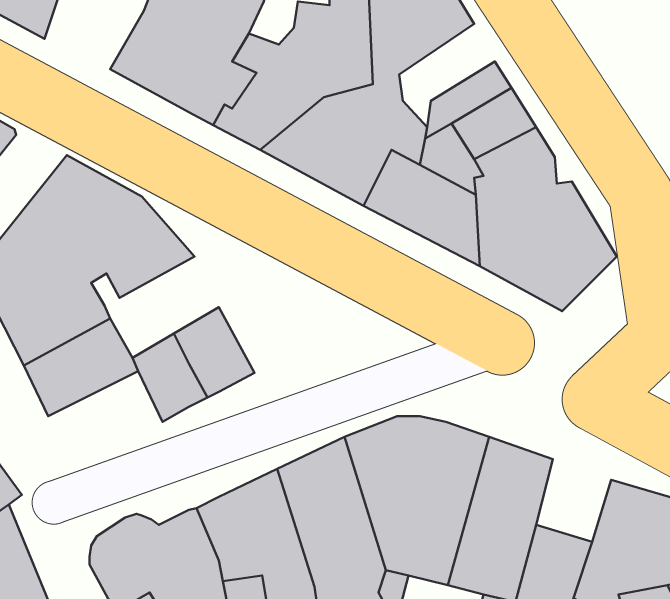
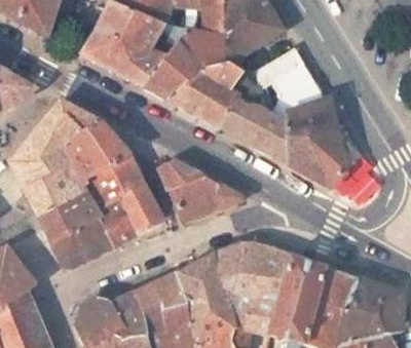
building: none -> [80,156,143,211]
building: none -> [158,159,244,221]
building: none -> [49,219,112,268]
building: none -> [316,267,358,312]

